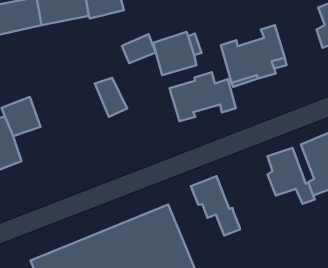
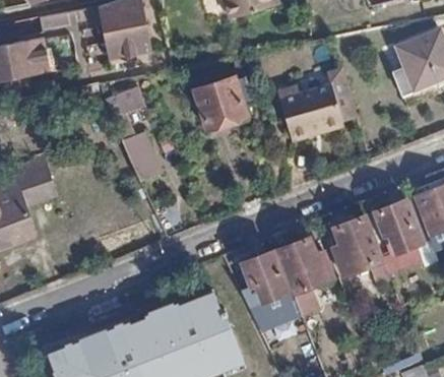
building: [122,34,156,63] -> [106,85,147,121]
building: [169,72,236,121] -> none
building: none -> [279,238,333,315]

